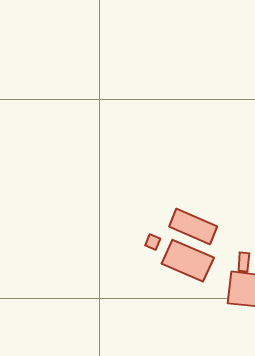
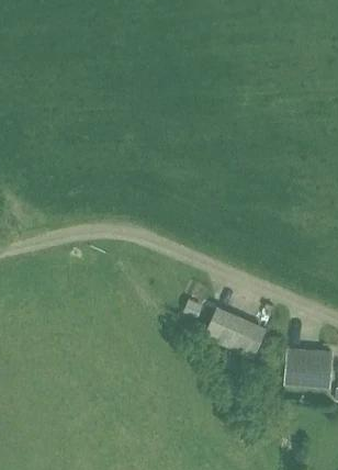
building: [169,209,217,244] -> none

